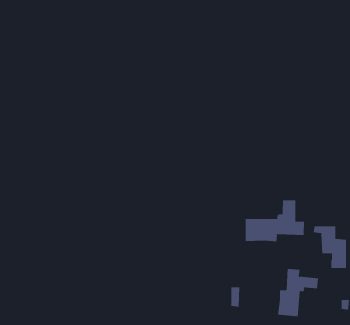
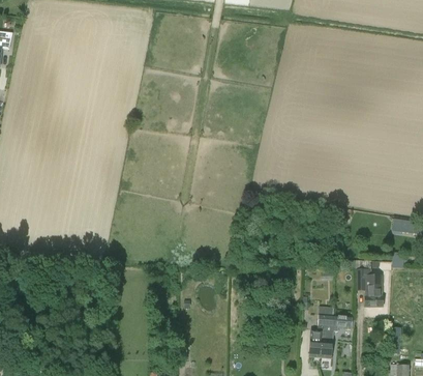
building: [245,200,305,242] -> none

